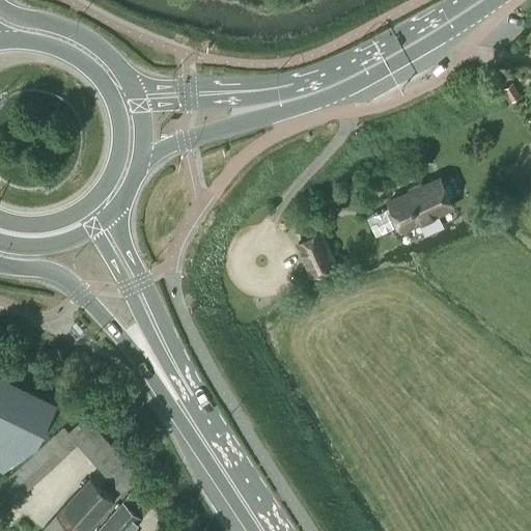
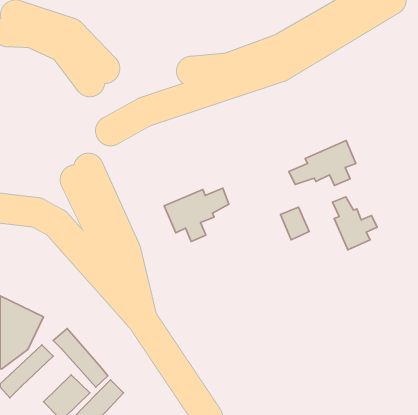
building: [298,235,334,277] -> [280,207,309,240]
building: none -> [164,188,229,242]
building: none -> [333,197,377,250]

